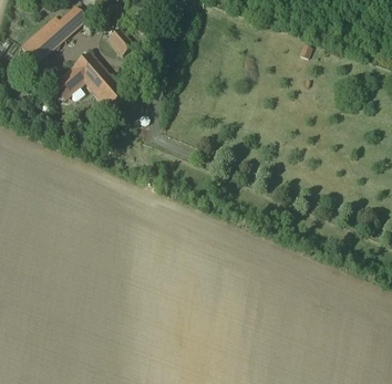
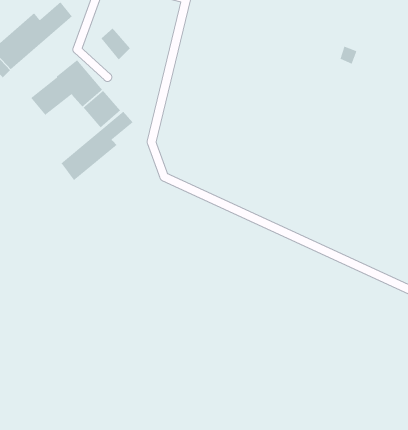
building: none -> [60,111,134,181]

